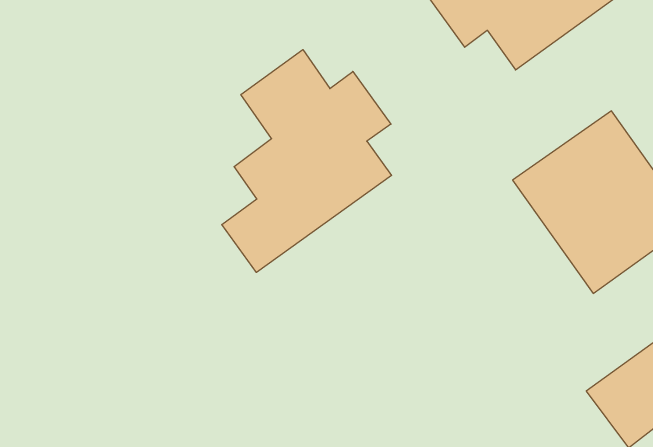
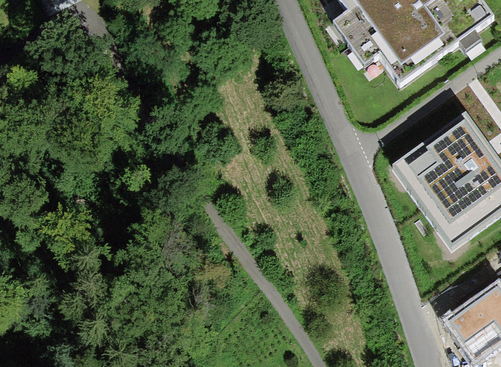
building: [222,50,392,272] -> none

